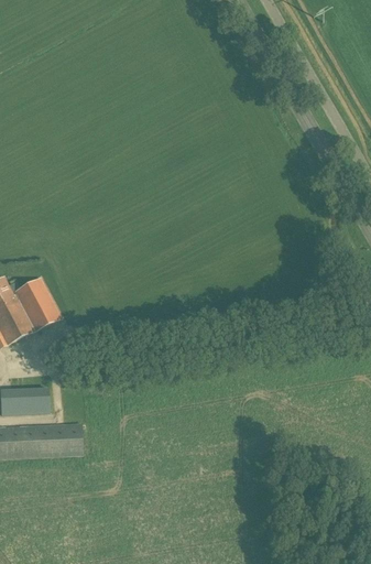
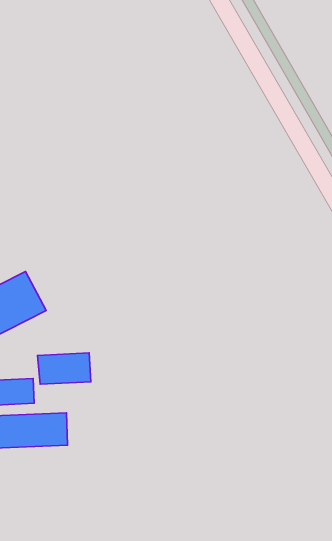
building: none -> [38,353,91,384]

